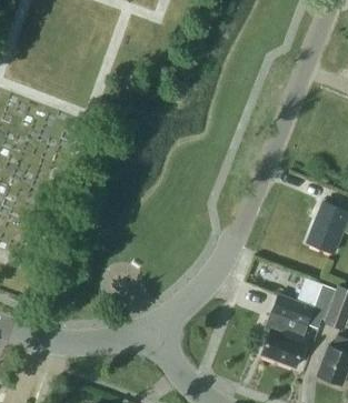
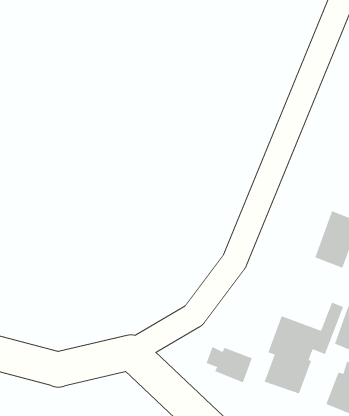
building: none -> [206,346,252,383]

